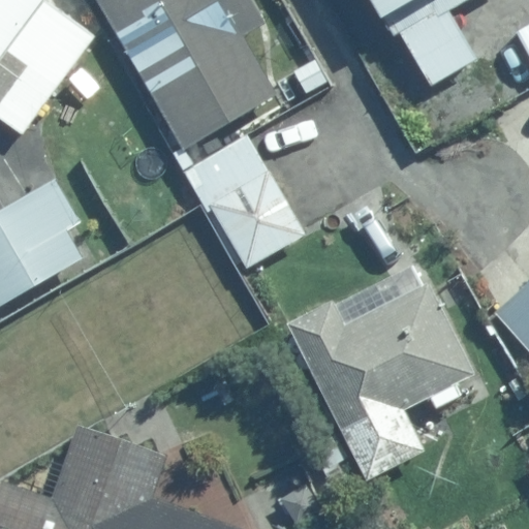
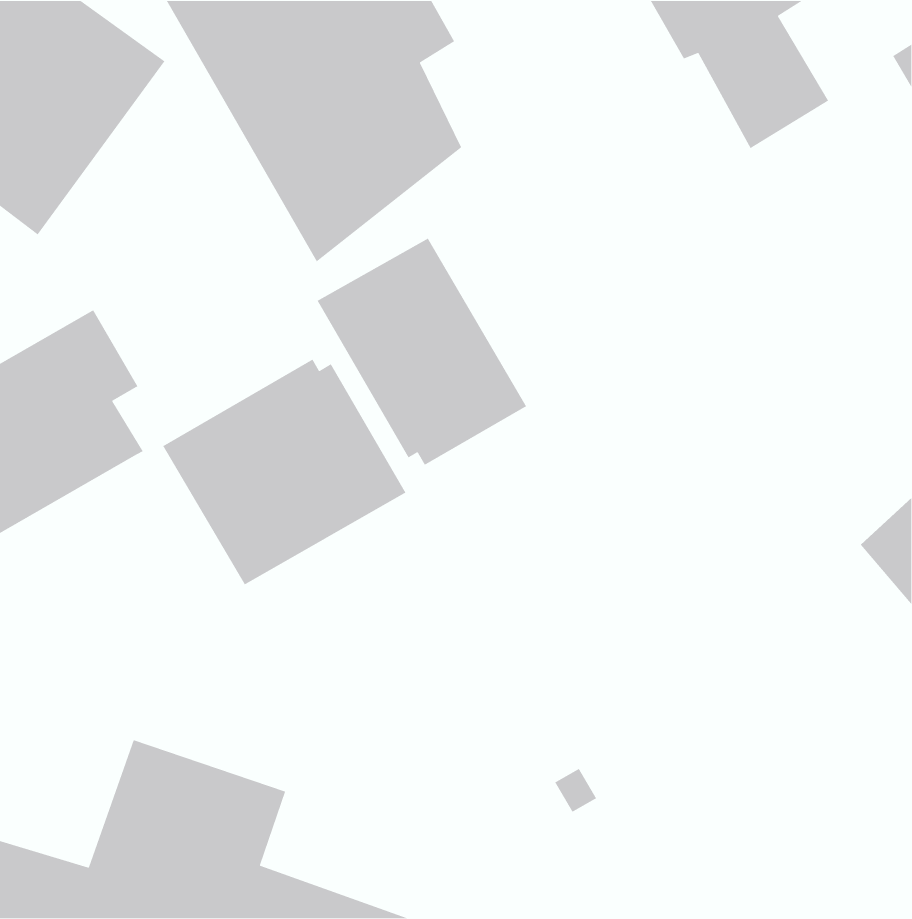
building: none -> [162,359,406,585]
building: [286,266,474,481] -> none

